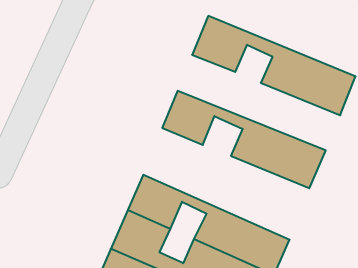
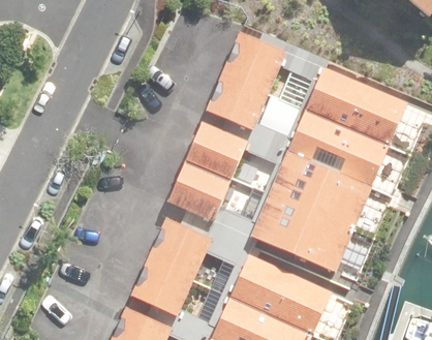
building: none -> [206,74,392,184]
building: none -> [172,158,357,270]

